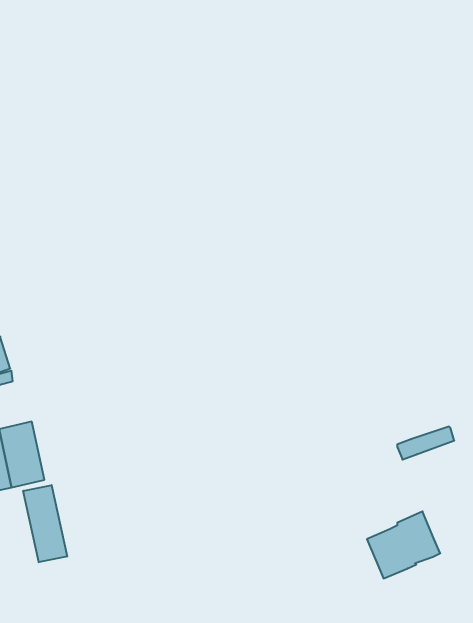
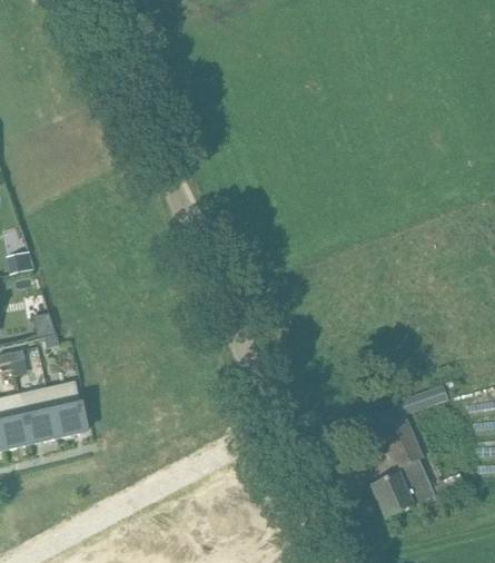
building: none -> [377,414,423,470]
building: [23,485,67,562] -> none

